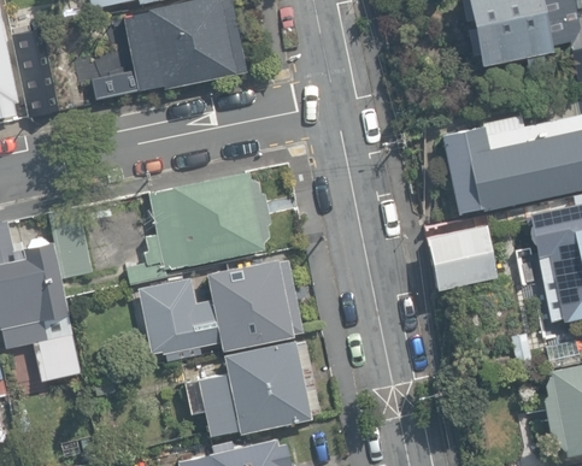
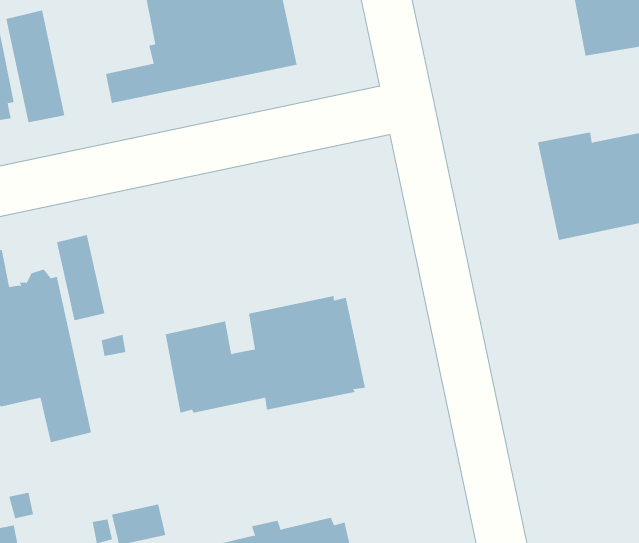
building: [125,172,270,284] -> none
building: [423,226,499,291] -> none
building: [184,342,319,437] -> none

